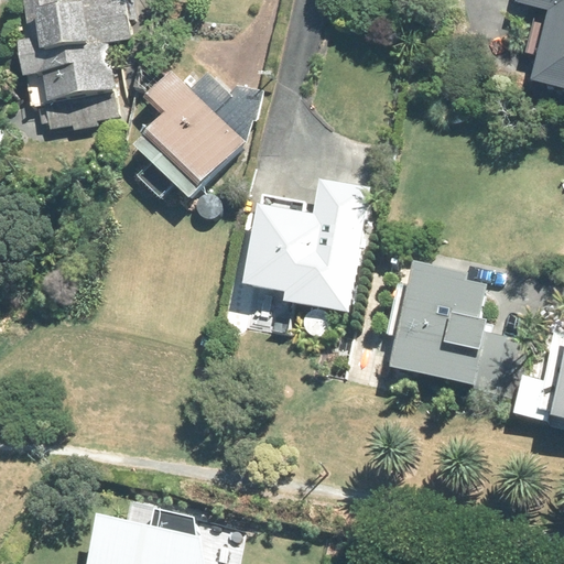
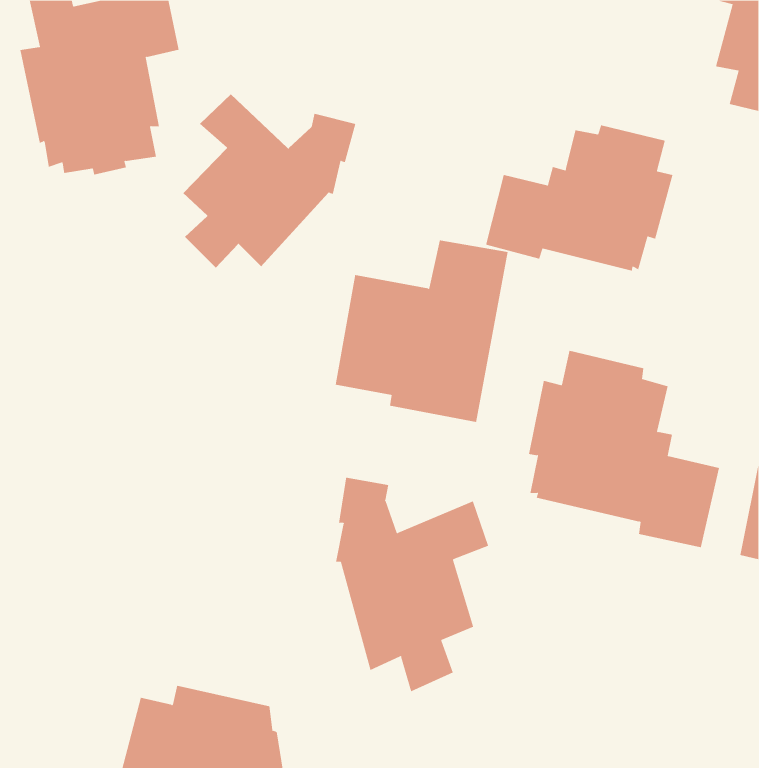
building: none -> [485,125,673,271]
building: none -> [336,477,489,692]

